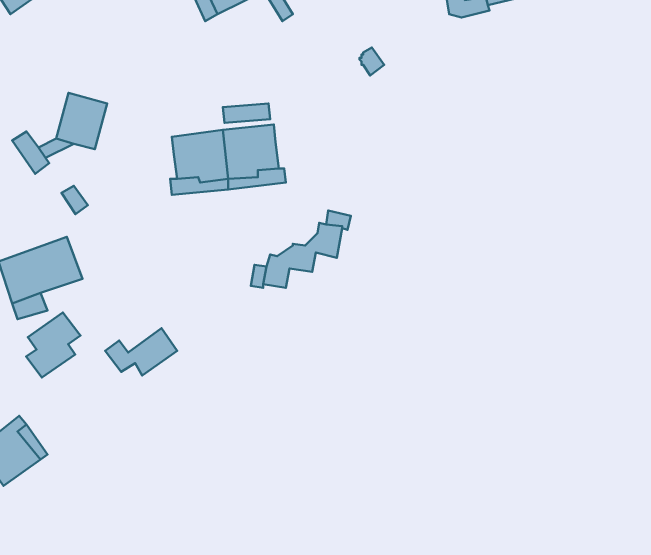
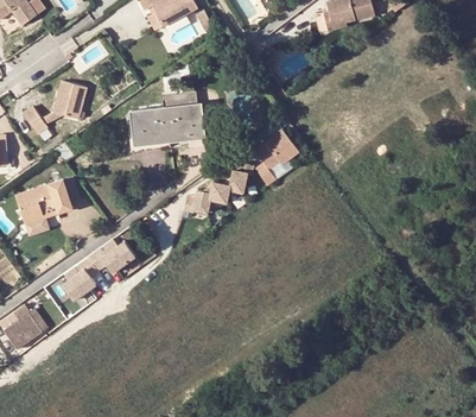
building: none -> [252,131,297,187]
building: [26,313,80,377] -> [62,257,99,301]

